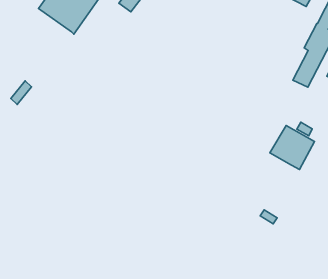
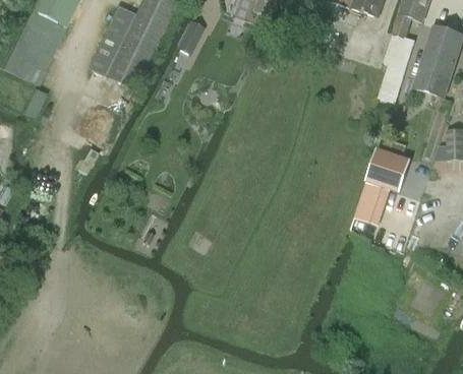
building: none -> [353,179,391,226]

